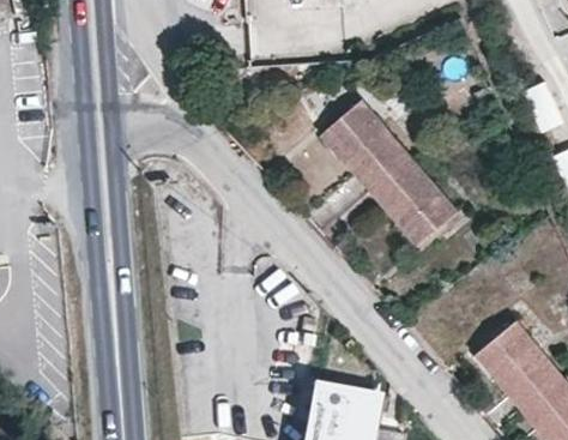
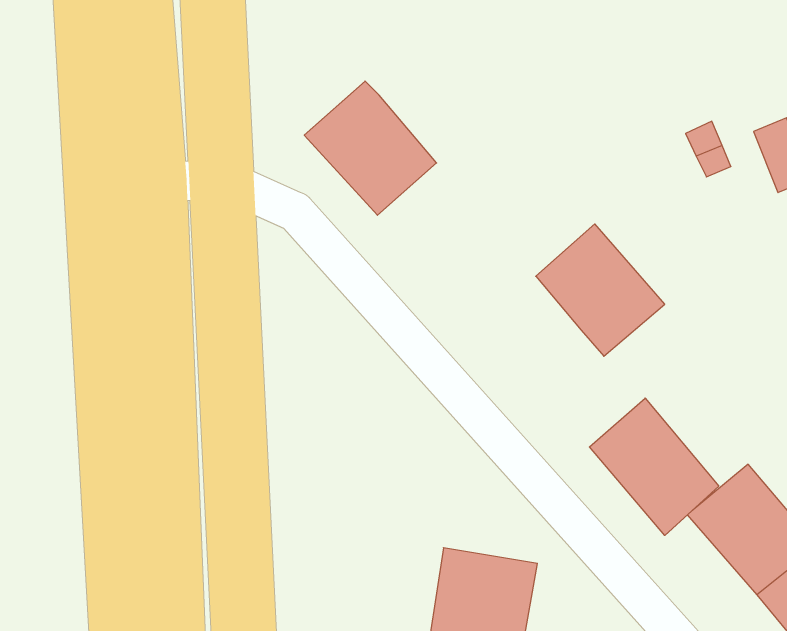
building: [321,100,412,192] -> [304,81,437,215]
building: none -> [589,398,719,535]

